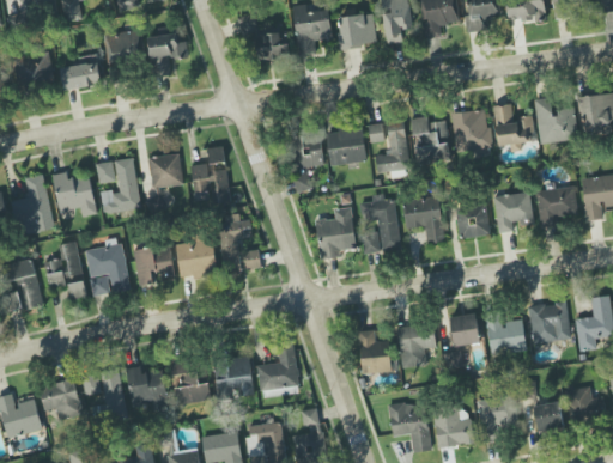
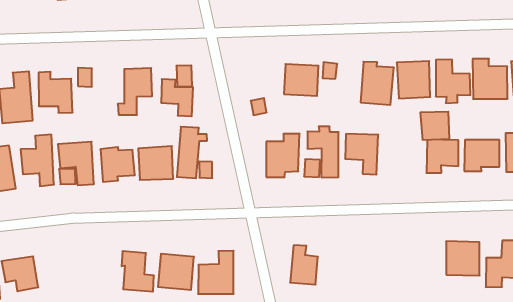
building: [375,121,409,172] -> none
building: [291,134,322,166] -> none
building: [99,157,139,213] -> none
building: [454,203,490,238] -> [420,112,449,140]
building: [450,313,478,346] -> none
building: [486,316,526,353] -> none
building: [396,323,435,366] -> none
building: [126,366,168,410] -> none
building: [84,368,126,418] -> none

